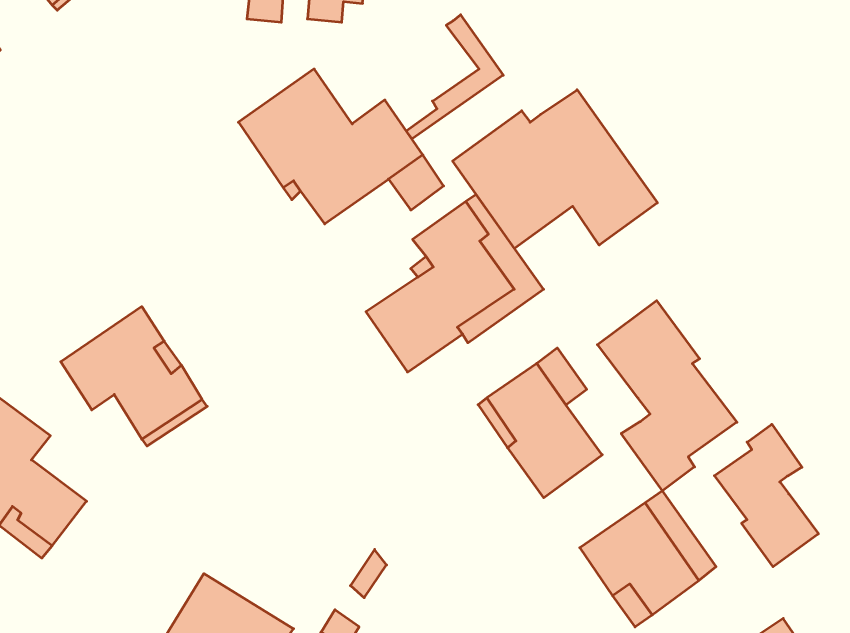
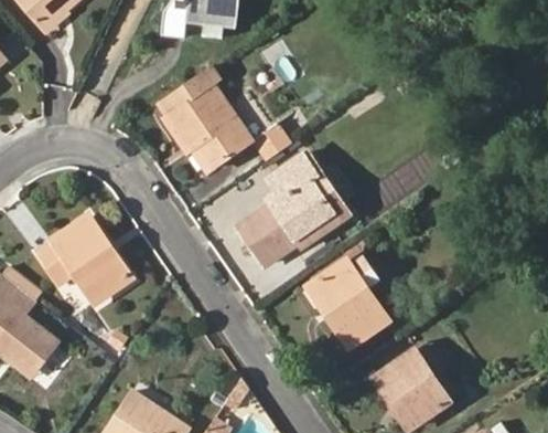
building: [406,15,503,139] -> none
building: [453,90,657,248] -> none
building: [597,301,737,491] -> none
building: [714,424,818,567] -> none

